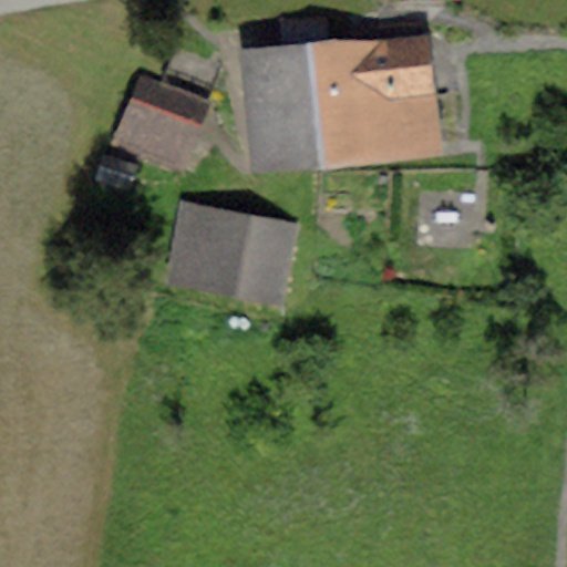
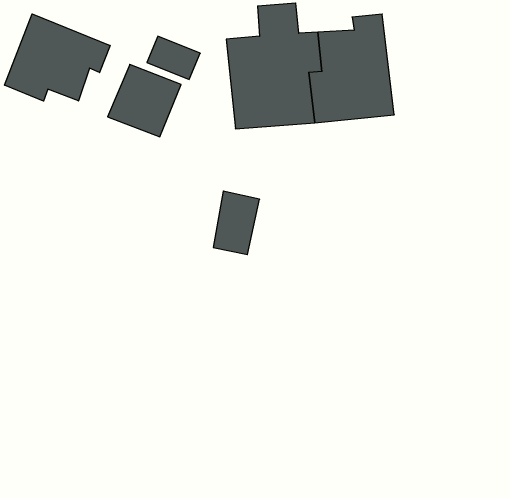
building: none -> [5,14,110,101]
building: [181,217,250,290] -> none

